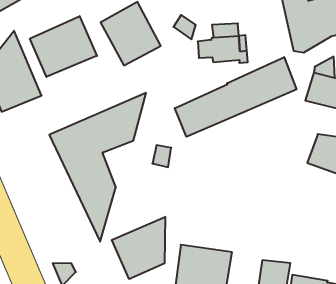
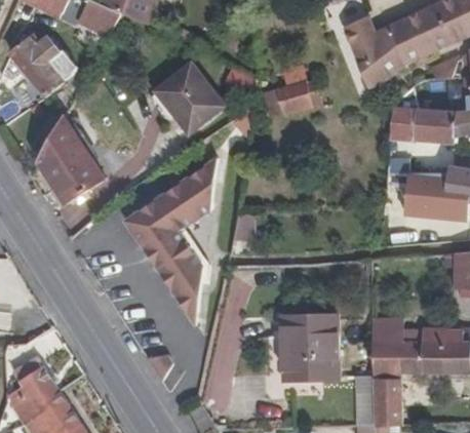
building: [30,16,97,77] -> none
building: [175,57,296,137] -> none
building: [112,217,165,279] -> none

